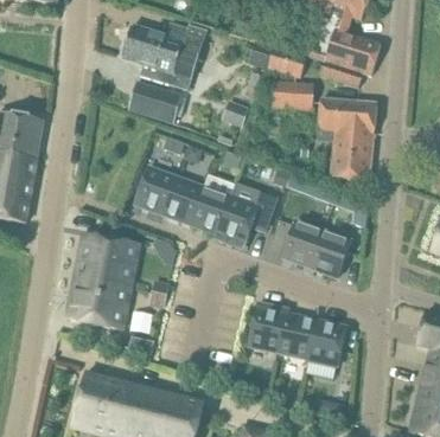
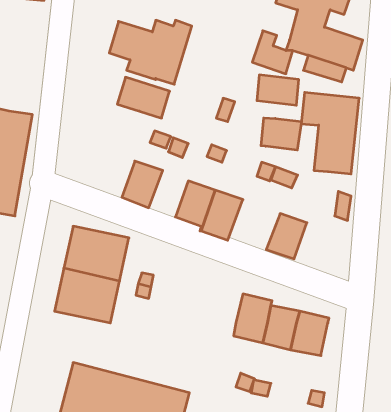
building: none -> [261,118,301,150]
building: [162,175,203,223] -> none
building: [311,229,351,276] -> none

